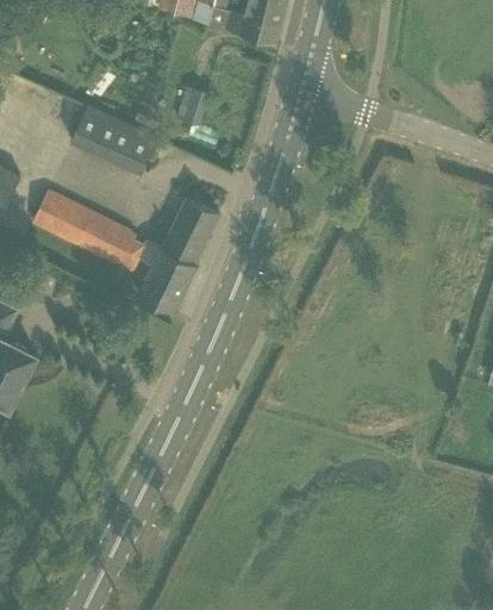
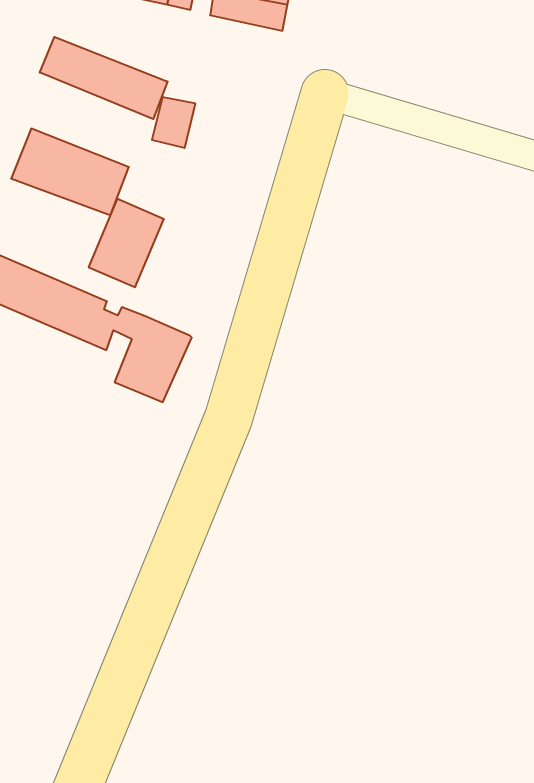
building: none -> [40,37,168,119]
building: [163,199,220,264] -> [89,199,164,287]

